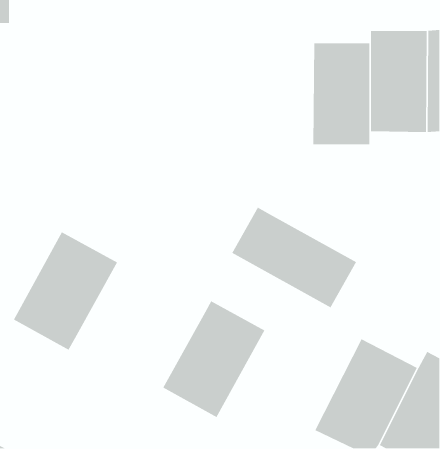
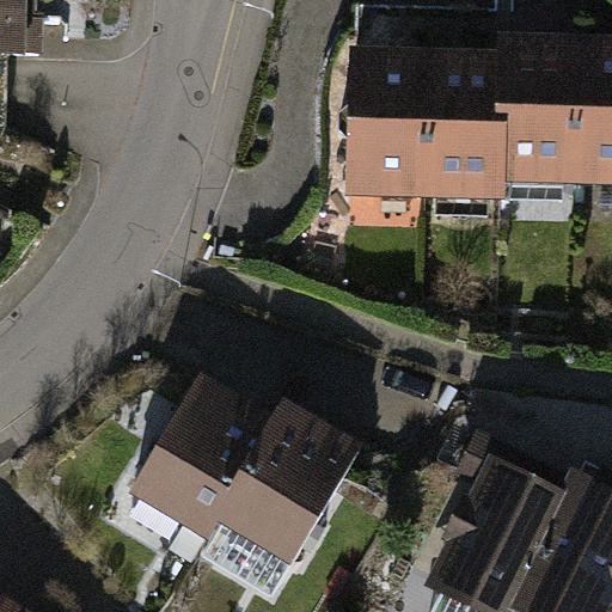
building: none -> [351,57,423,196]
building: [231,206,357,308] -> none
building: [13,231,118,351] -> [134,379,276,540]

